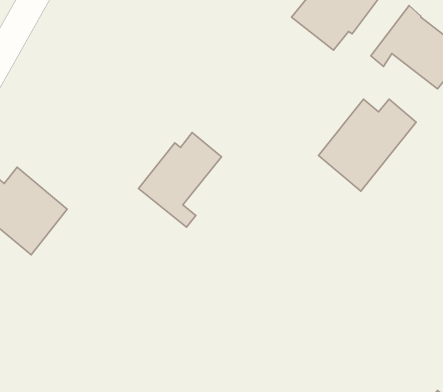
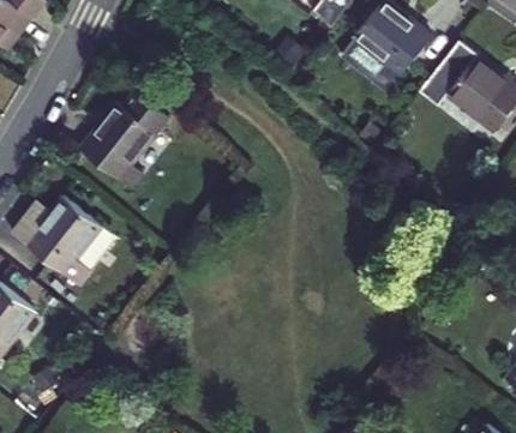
building: [318,99,416,191] -> none
building: [139,132,221,227] -> [77,96,162,193]

